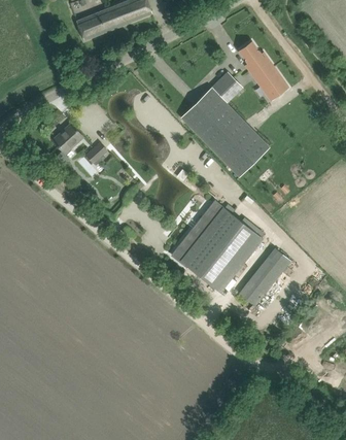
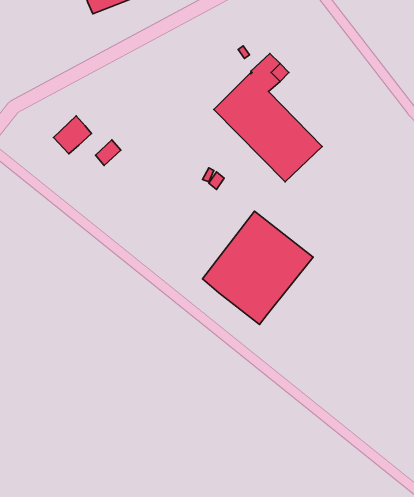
building: [238,41,287,100] -> none
building: [241,250,290,306] -> none

